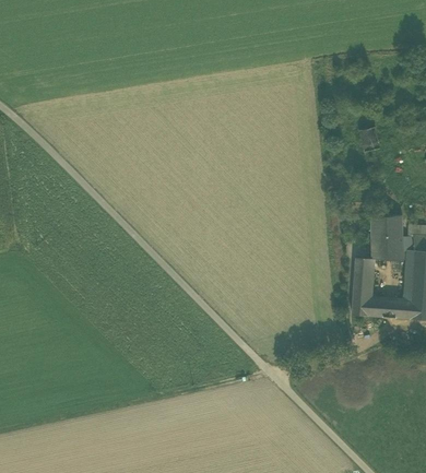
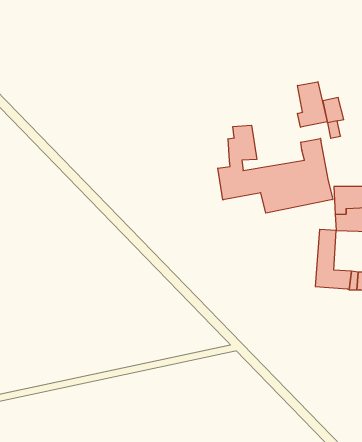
building: none -> [297,82,327,127]
building: none -> [218,125,333,213]

